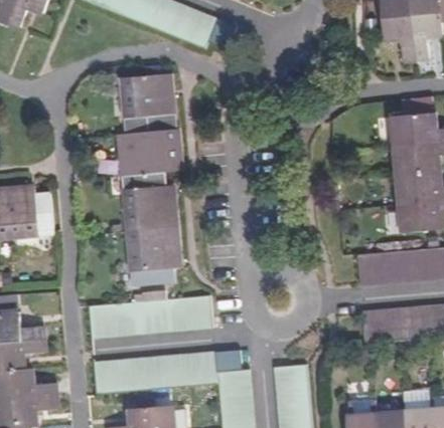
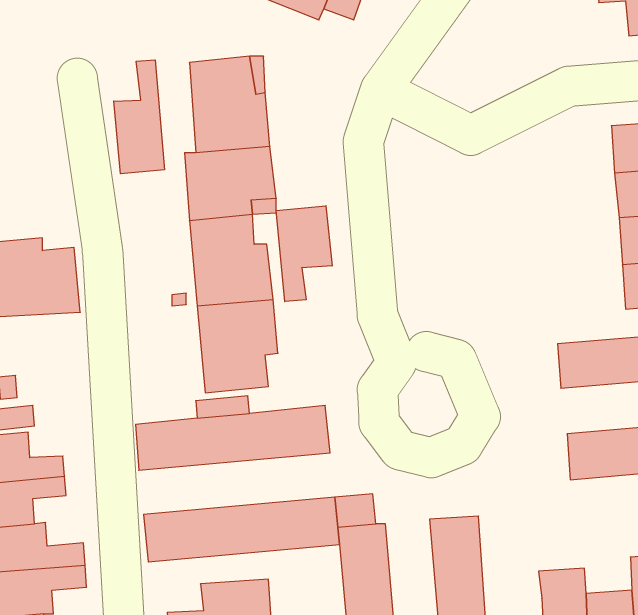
building: none -> [114,60,164,174]
building: none -> [276,206,332,302]

